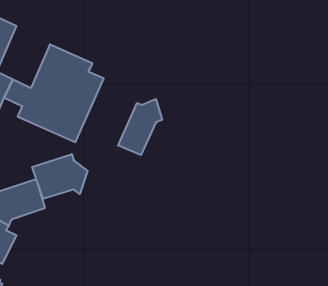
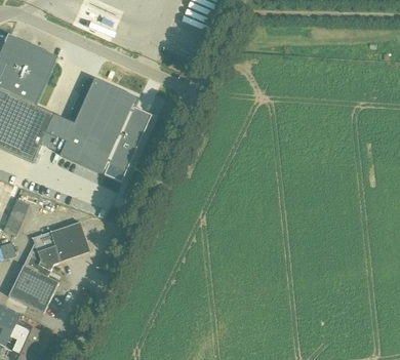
building: [118,99,162,155] -> none
building: [32,154,88,199] -> none

